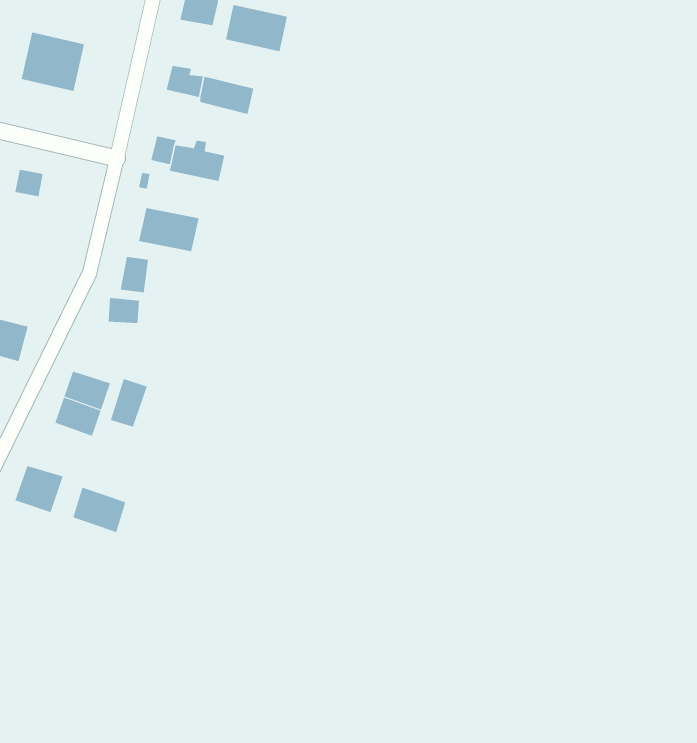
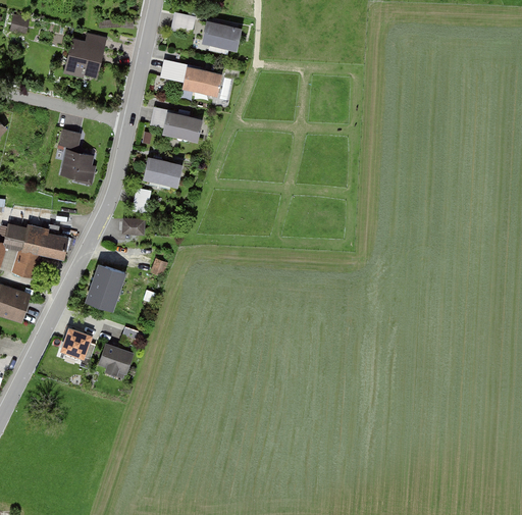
building: none -> [62,152,92,181]
building: [110,378,147,428] -> none

